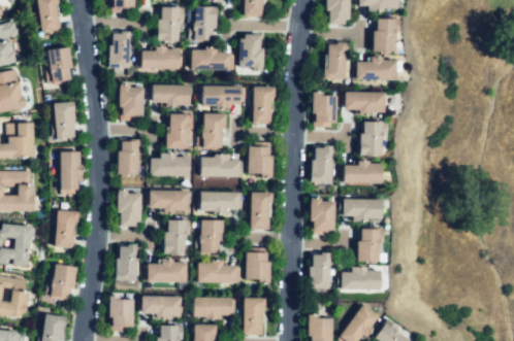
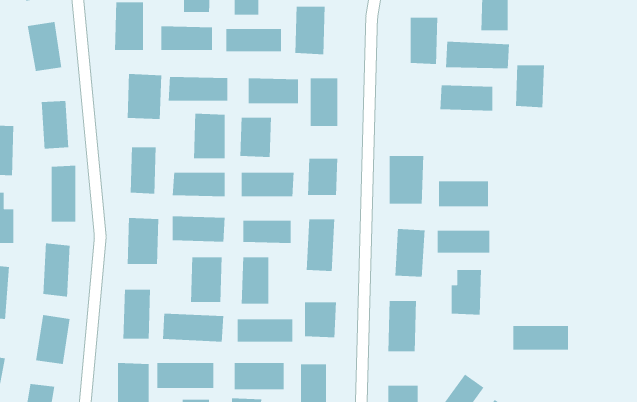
building: [314,93,336,127] -> none
building: [362,124,384,156] -> [515,64,545,108]
building: [342,269,383,287] -> [512,325,569,350]

